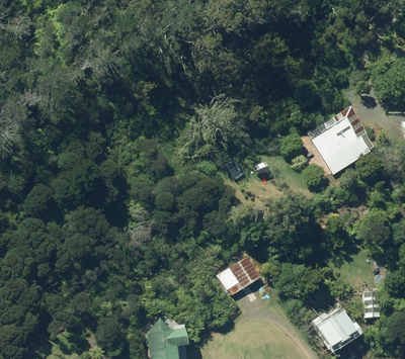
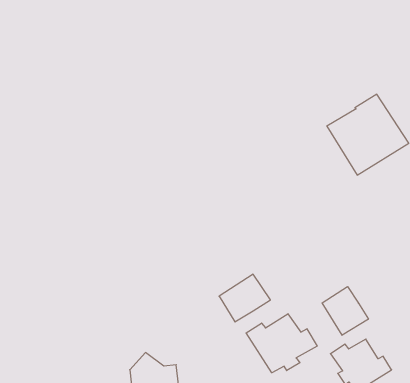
building: none -> [322,287,368,335]
building: none -> [246,314,317,373]

